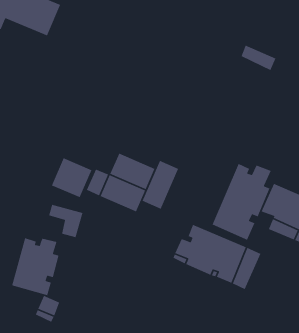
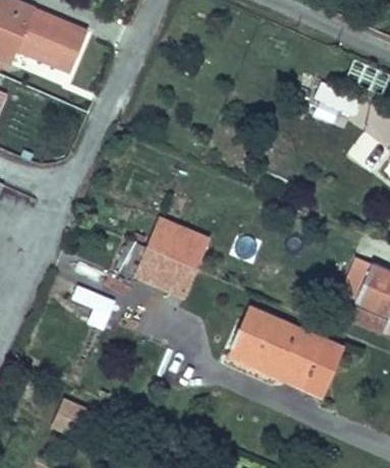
building: [51,157,93,198] -> none
building: [141,160,179,210] -> none
building: [212,163,272,241] -> none
building: [11,237,60,296] -> none

